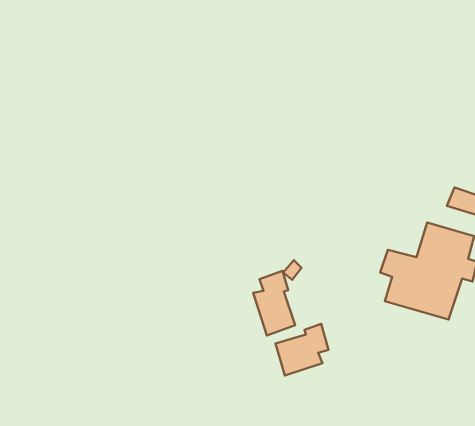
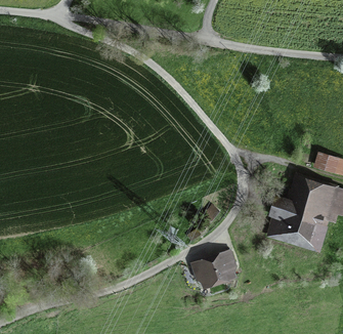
building: [253,271,295,335] -> none

